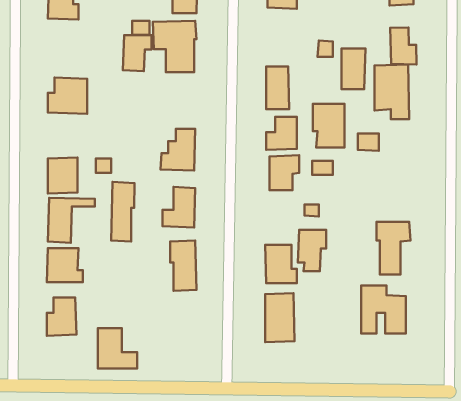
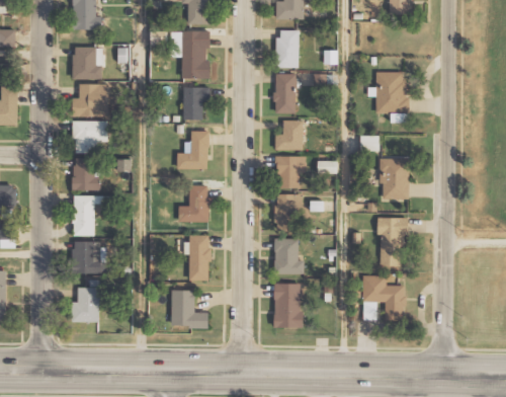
building: [390,28,416,65] -> none
building: [123,35,151,71] -> [182,87,208,121]
building: none -> [72,48,102,80]
building: [341,49,365,89] -> [276,30,299,68]
building: [313,104,345,148] -> [378,159,408,200]
building: none -> [72,122,106,154]
building: [111,182,134,242] -> none
building: [298,230,326,271] -> [274,194,301,233]
building: [98,328,137,369] -> [171,291,207,328]

